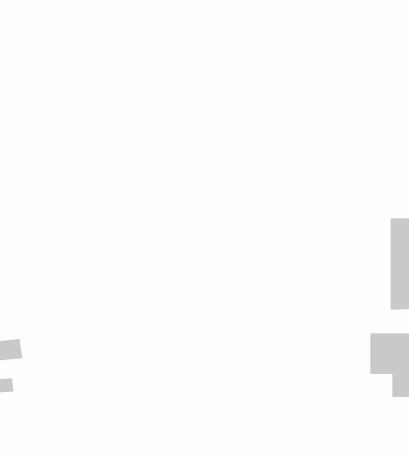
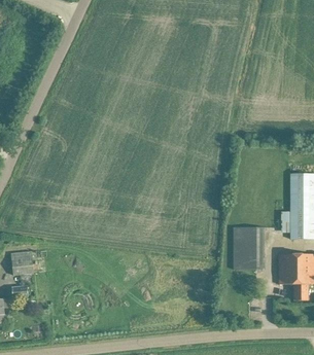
building: none -> [233,227,261,271]

